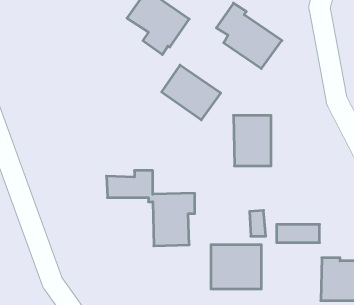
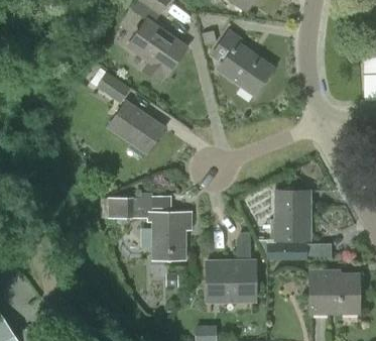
building: none -> [92,68,131,102]
building: [162,65,221,120] -> [109,102,164,153]
building: [233,115,271,166] -> [275,193,310,240]

